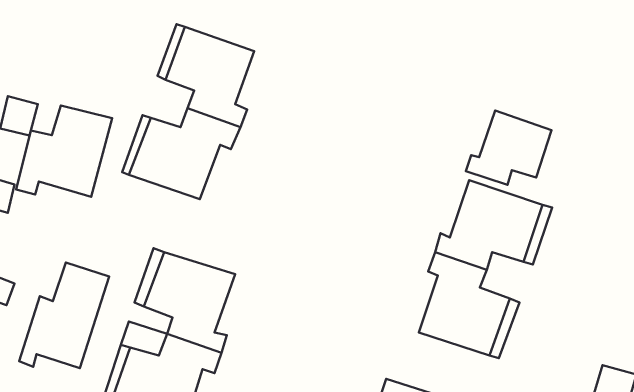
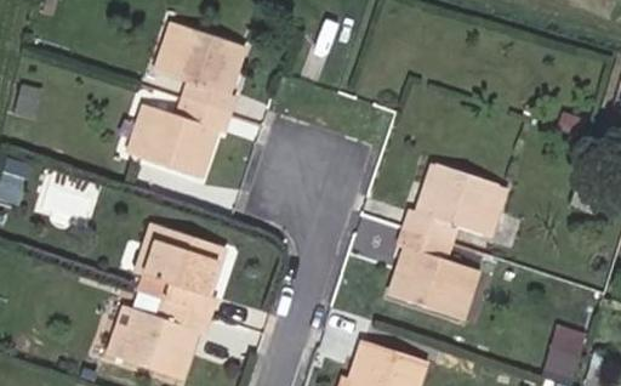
building: [16,105,112,197] -> none
building: [466,110,551,185] -> none
building: [19,263,109,368] -> none

